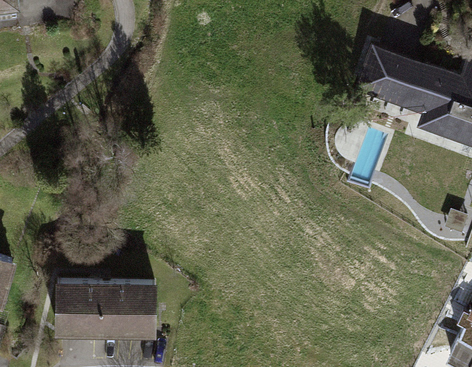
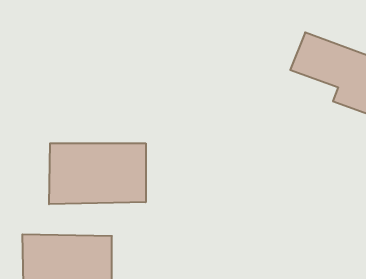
building: none -> [49,143,146,204]

